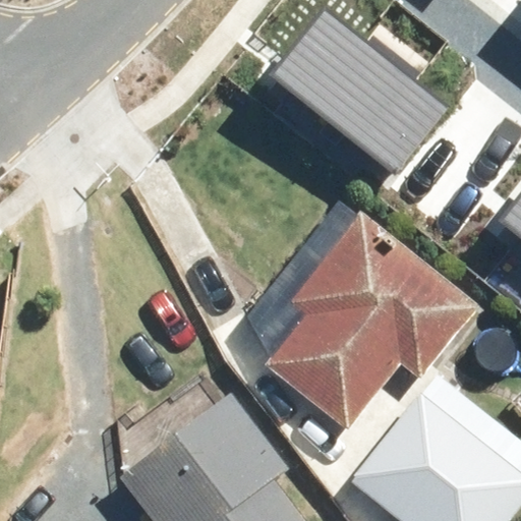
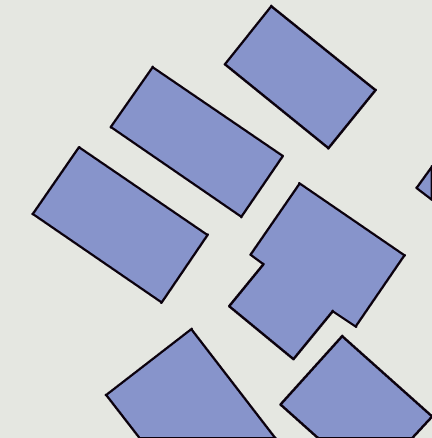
building: none -> [111,67,283,217]
building: none -> [33,147,208,303]

